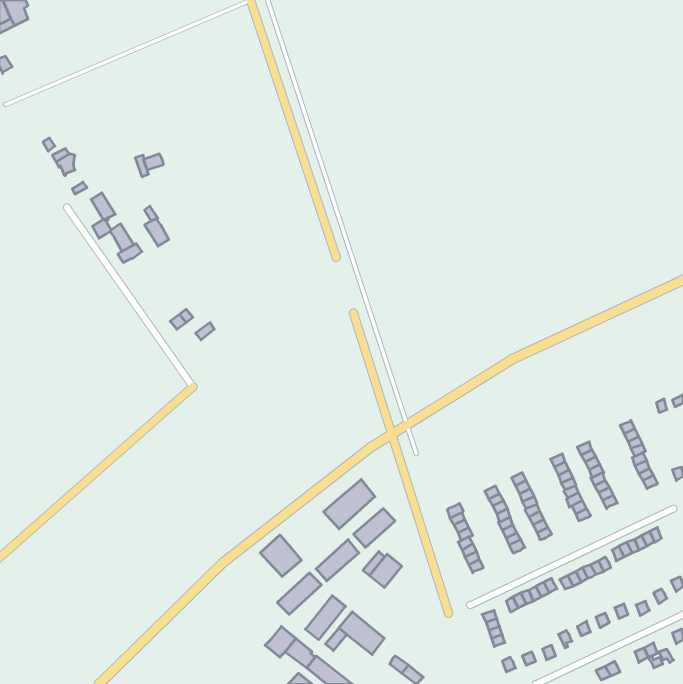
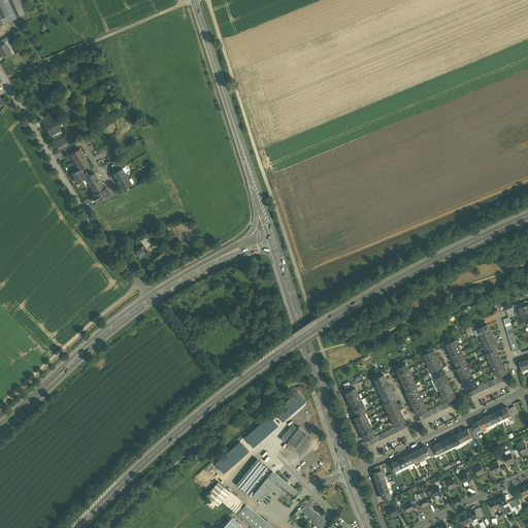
building: [324,479,375,529] -> none
building: [260,535,301,577] -> none

